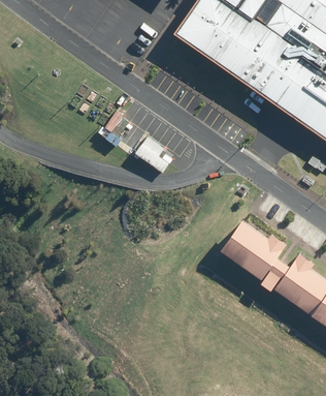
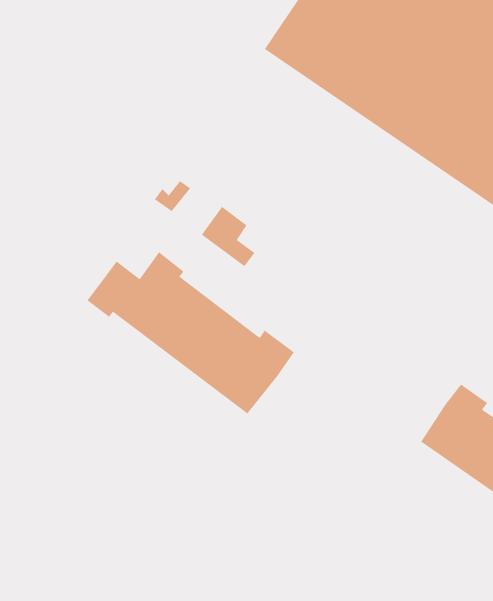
building: none -> [86,251,295,414]
building: [221,217,289,288] -> none

